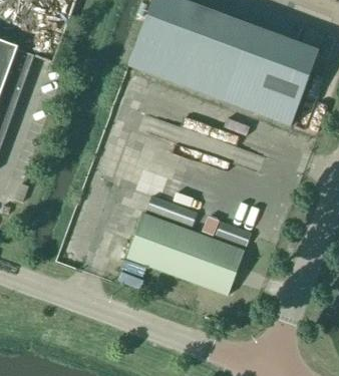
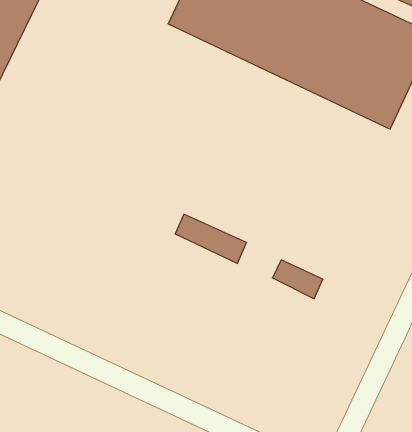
building: [127,213,246,295] -> none

